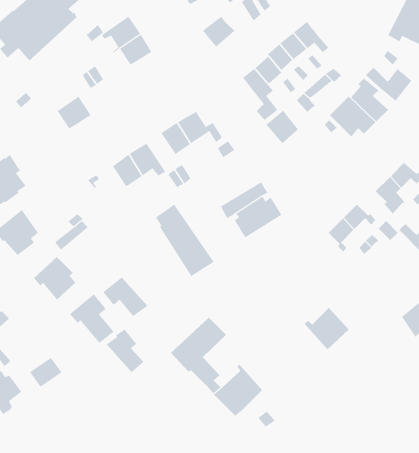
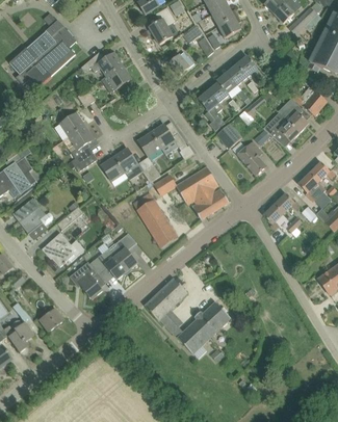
building: none -> [66,127,97,172]
building: none -> [237,141,266,176]
building: none -> [153,166,213,195]
building: [304,307,350,350] -> [197,301,231,334]
building: [105,329,144,373] -> [108,237,137,270]

